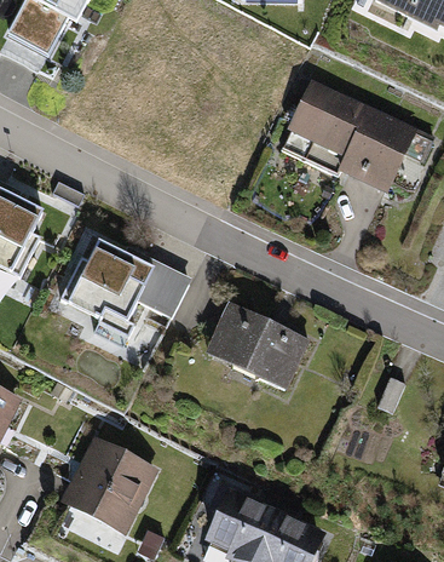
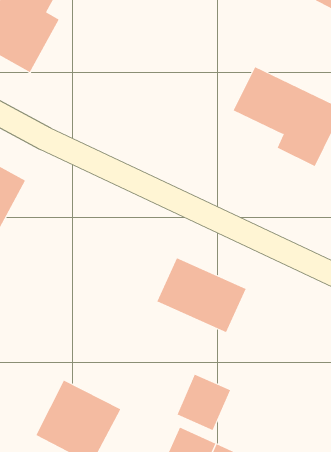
building: [42,225,189,361] -> none
building: none -> [177,374,231,431]

